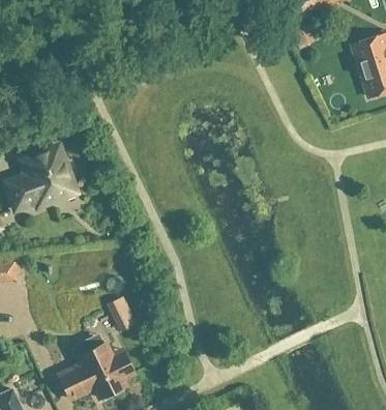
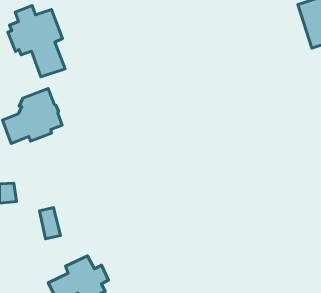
building: none -> [8,5,65,77]
building: [111,290,136,327] -> [39,207,60,239]

